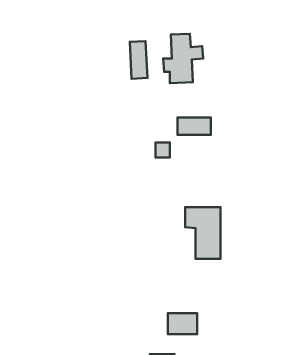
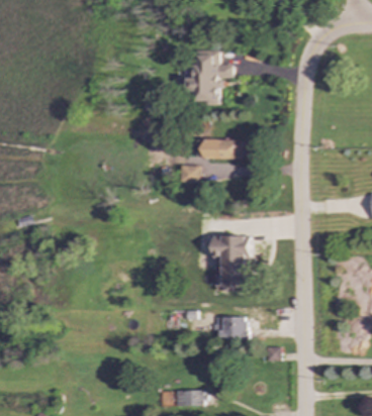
building: [130,41,147,79] -> none
building: [168,313,197,334] -> [214,316,246,338]

